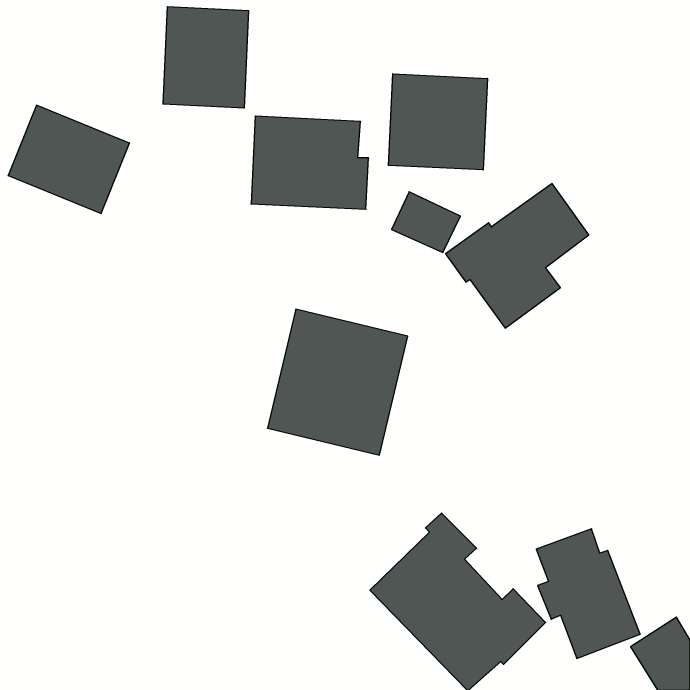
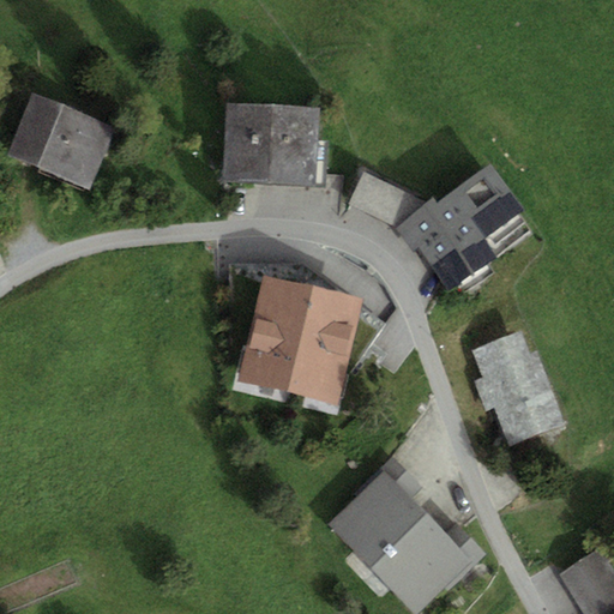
building: [163,7,249,108] -> none
building: [388,74,487,170] -> none
building: [536,529,640,658] -> [472,331,565,446]

